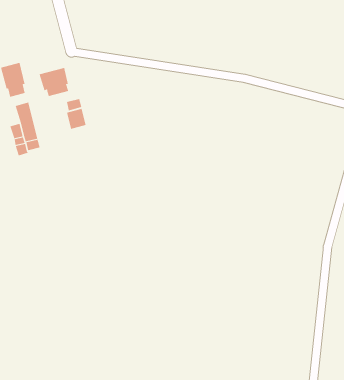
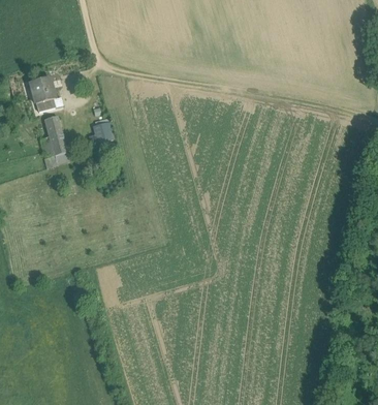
building: [39,67,69,97] -> none

